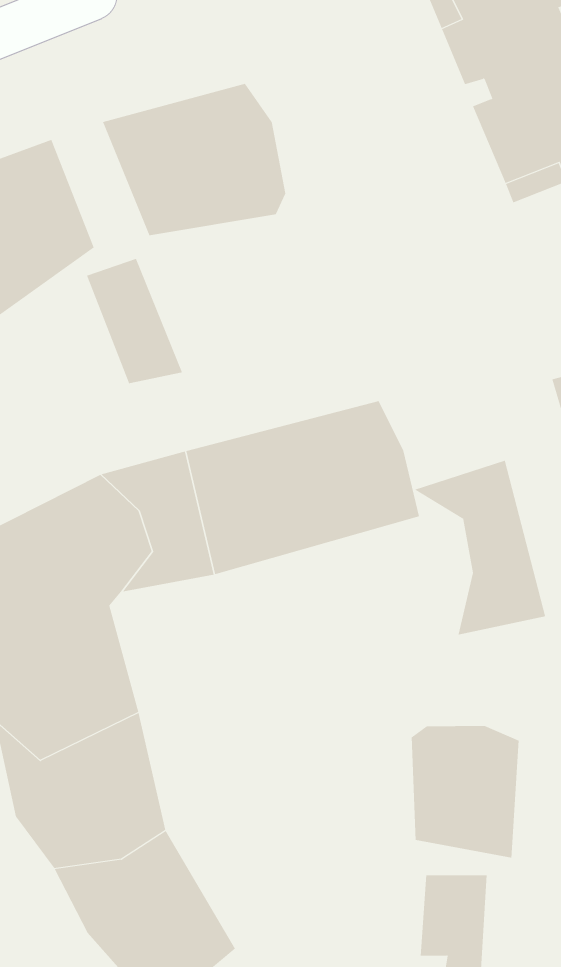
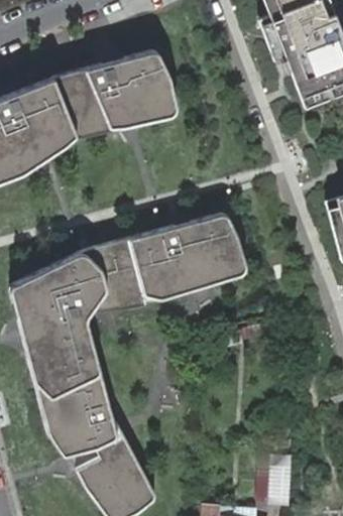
building: [86,258,183,384] -> [59,68,109,133]
building: [413,460,546,635] -> none
building: [411,725,519,859] -> none

